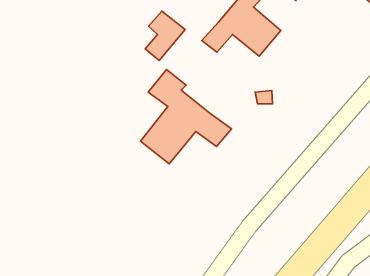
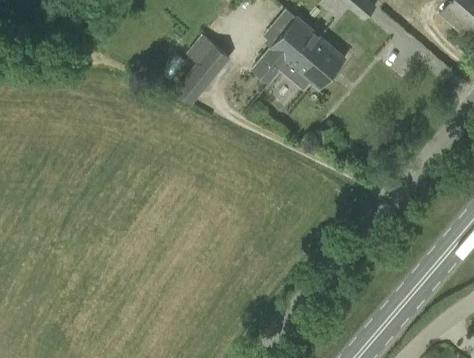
building: [140,70,232,164] -> none

